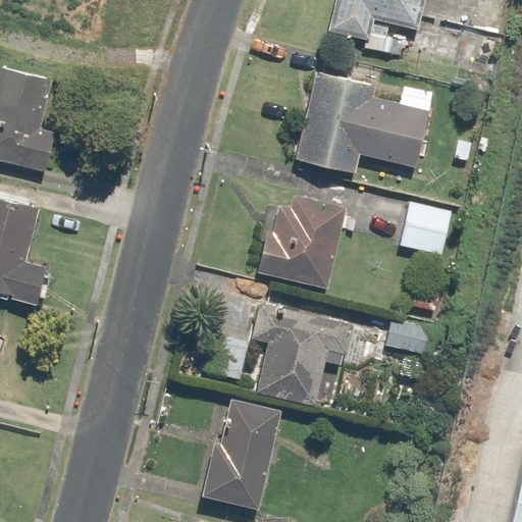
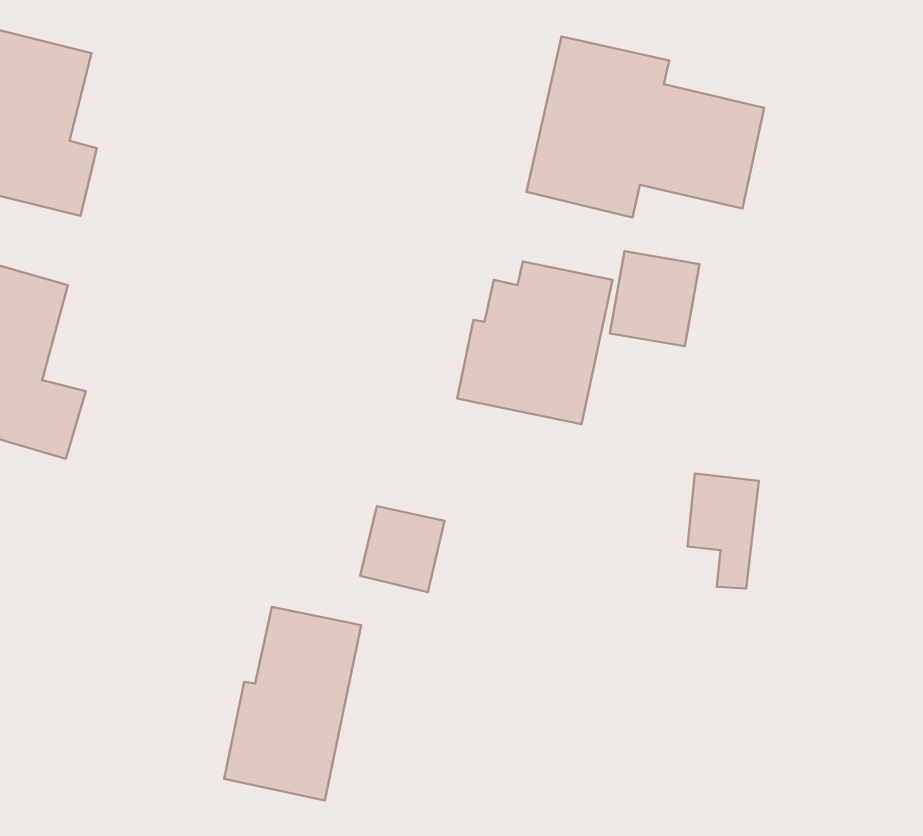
building: [401,202,451,255] -> [610,251,699,346]
building: [254,305,352,406] -> none
building: [203,400,279,508] -> [224,607,361,801]

